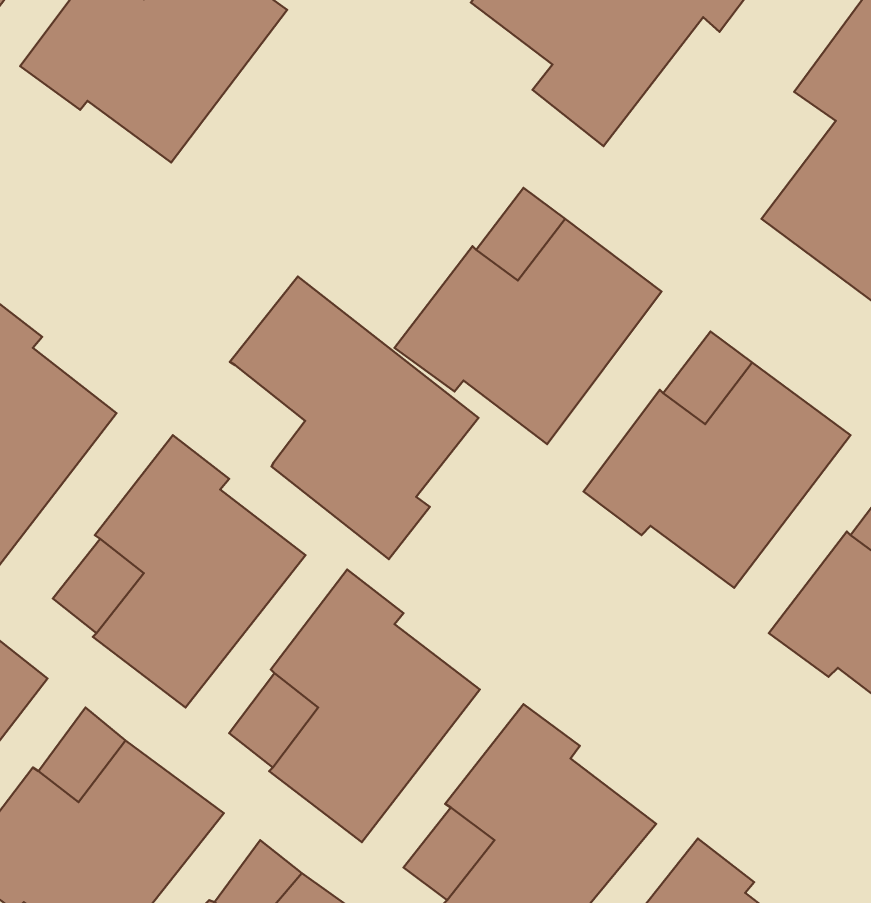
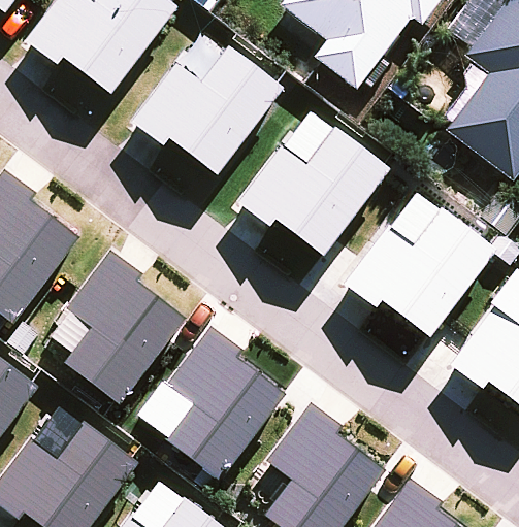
building: none -> [130,47,282,176]
building: [230,276,479,559] -> none

